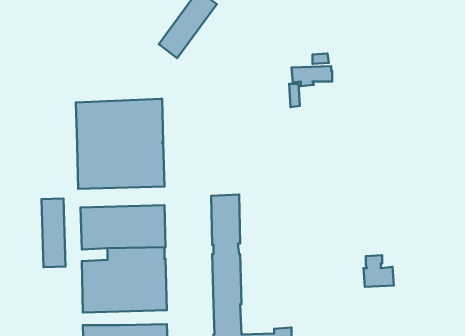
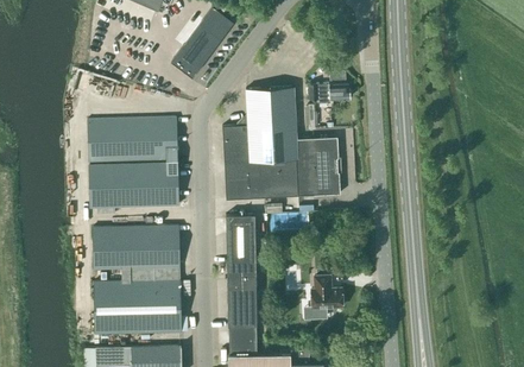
building: none -> [222,87,340,198]
building: [41,198,65,267] -> none
building: [364,255,394,287] -> [311,276,342,308]

